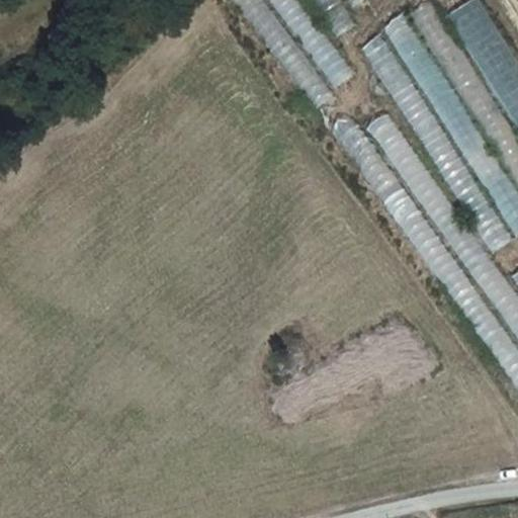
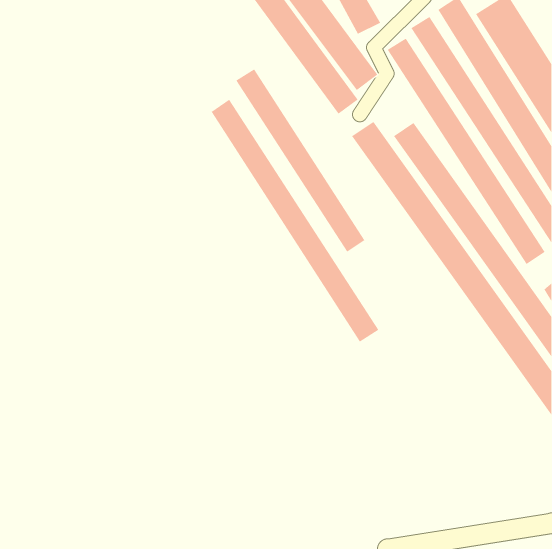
building: none -> [236,68,365,253]
building: none -> [211,99,379,342]

